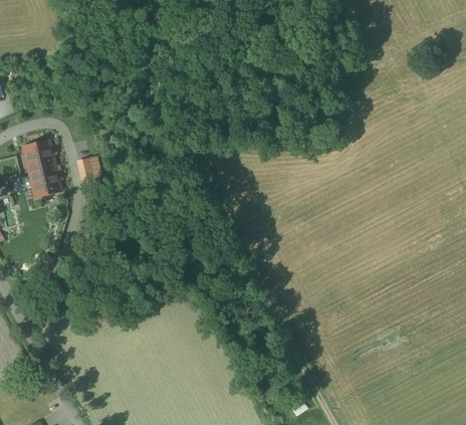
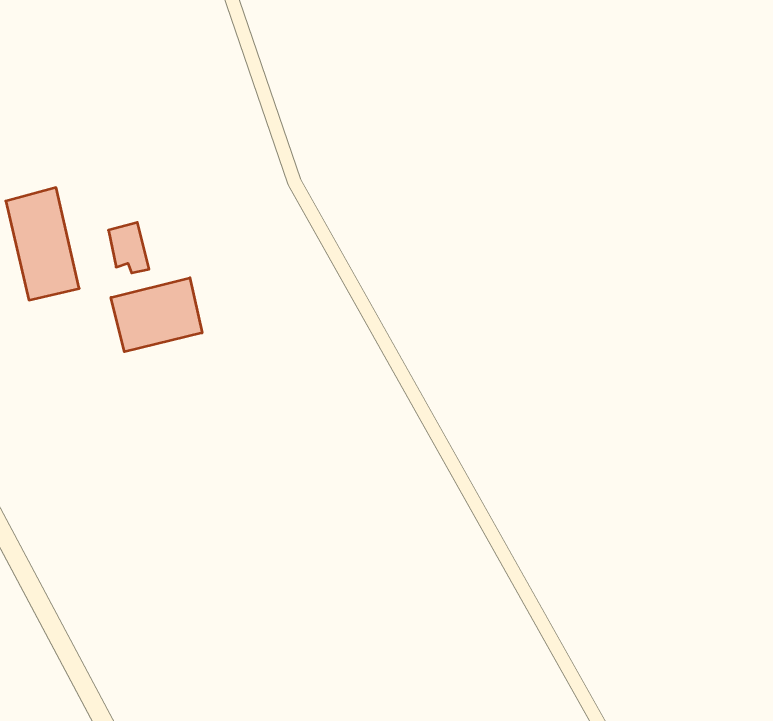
building: none -> [111,278,202,352]

